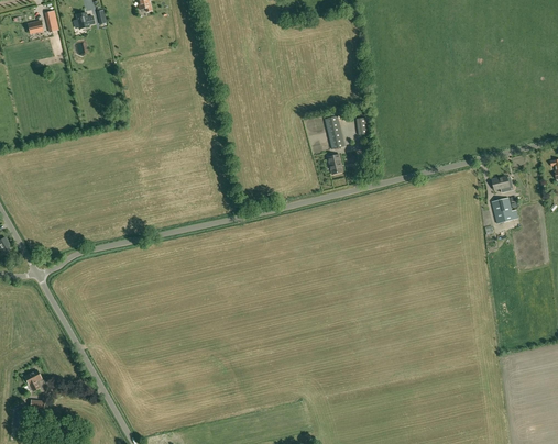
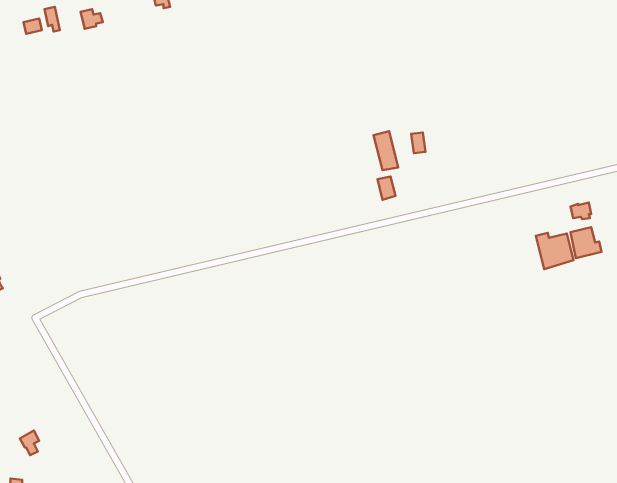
building: none -> [536,233,574,269]

